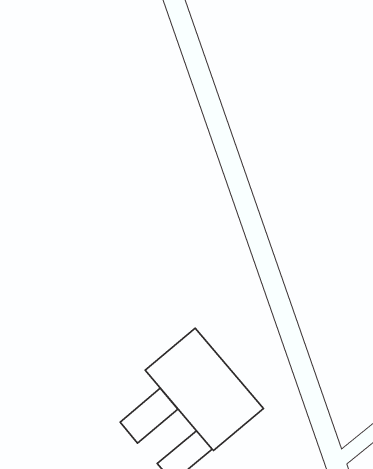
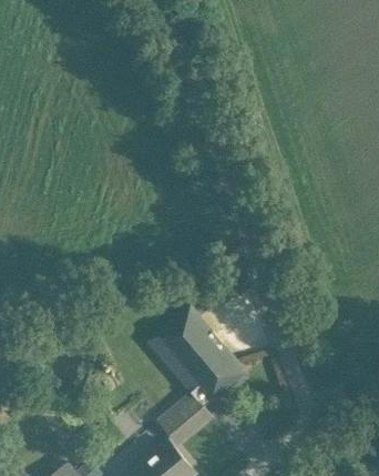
building: [120,388,178,443] -> none

